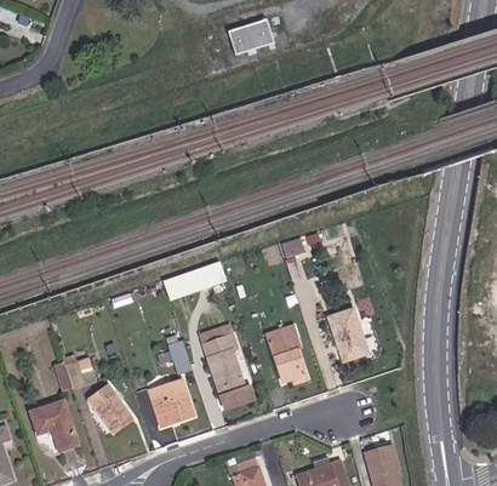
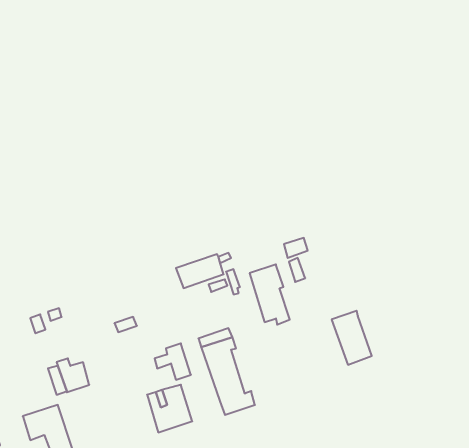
building: [228,21,272,55] -> none
building: [268,326,307,384] -> [250,264,290,325]
building: [88,385,132,433] -> none

